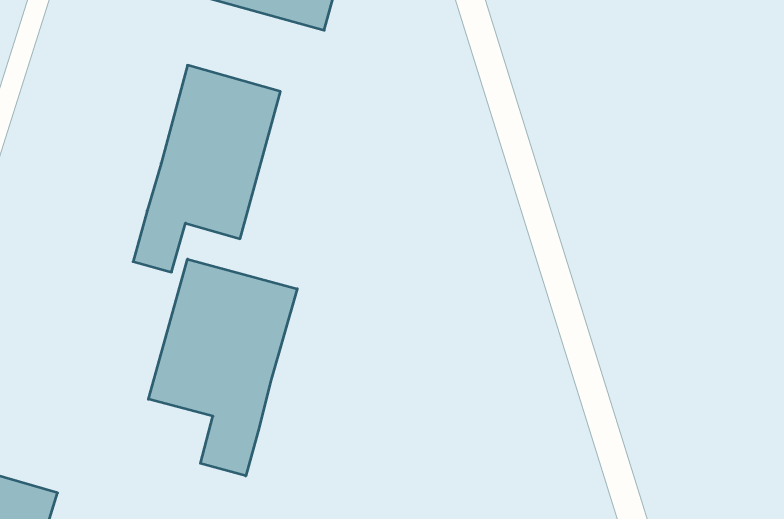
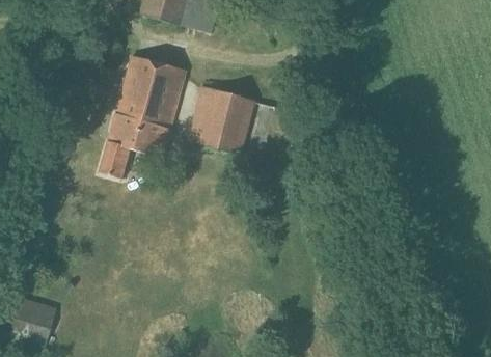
building: none -> [187,86,254,154]
building: [148,259,297,476] -> none

